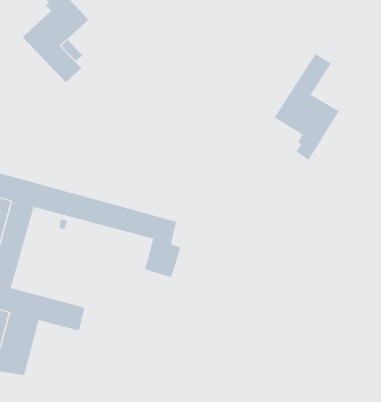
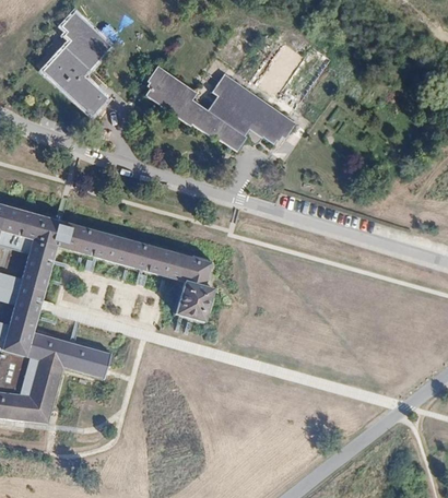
building: none -> [143,62,295,151]
building: [274,53,340,161] -> none

